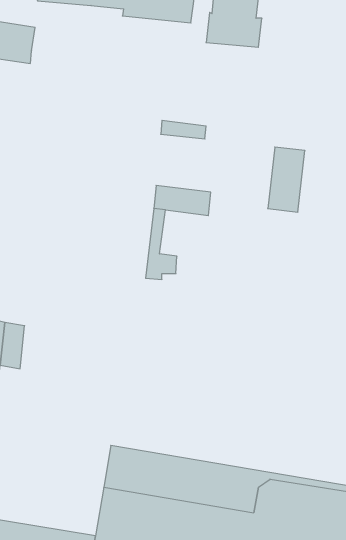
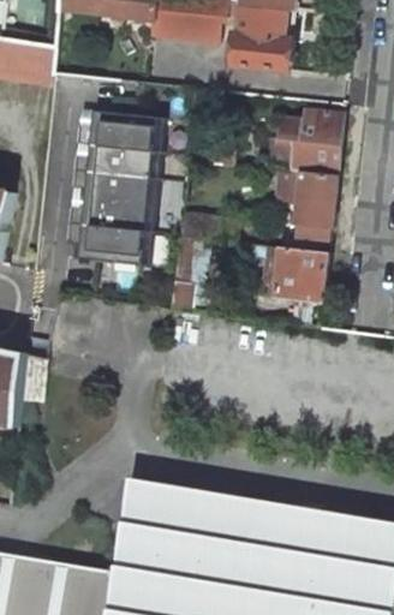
building: none -> [64,109,166,267]
building: none -> [267,111,341,177]
building: none -> [275,249,327,300]

